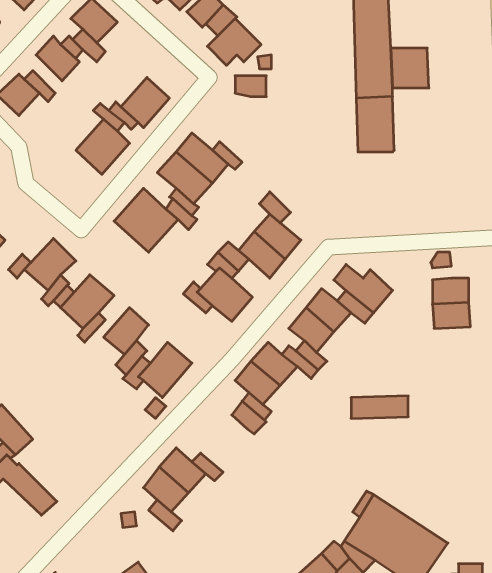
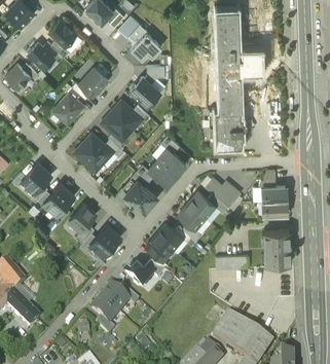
building: none -> [131,75,160,105]
building: none -> [216,110,244,146]
building: none -> [264,229,291,263]
building: none -> [126,260,154,288]

